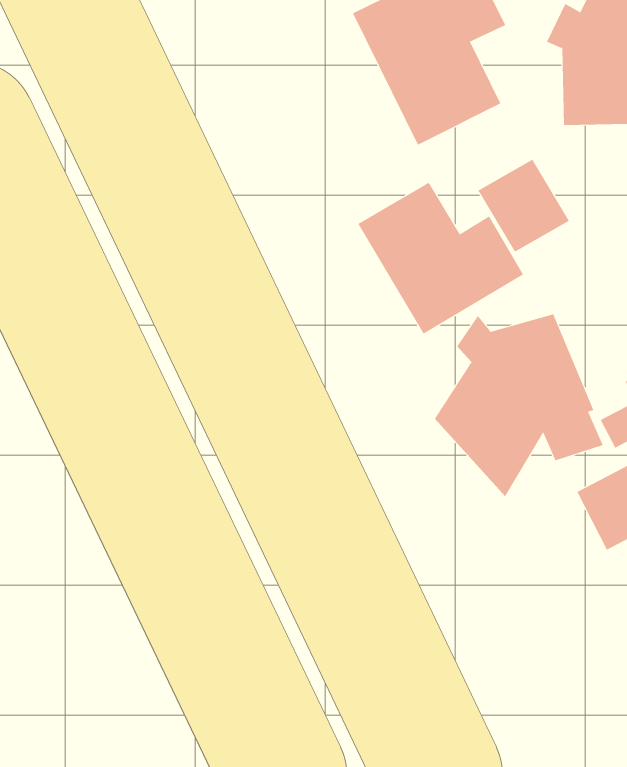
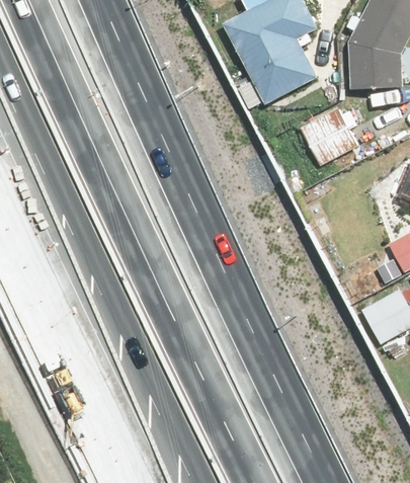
building: [358,182,524,335] -> none
building: [434,313,603,497] -> none

